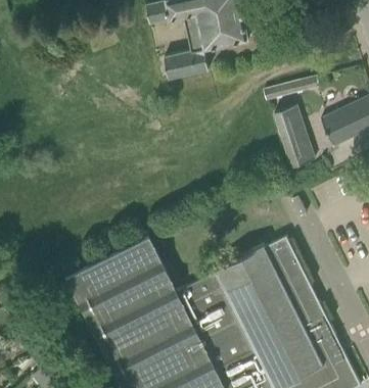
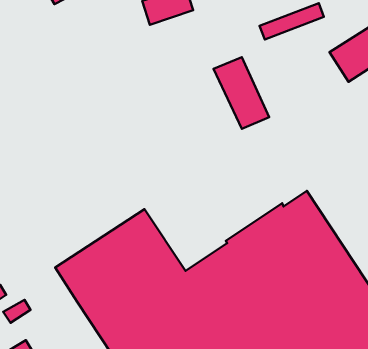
building: [272,106,315,167] -> [213,57,269,129]

